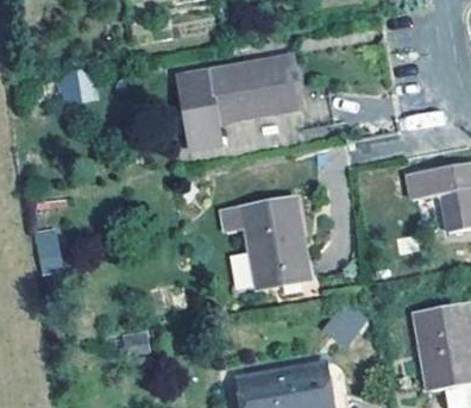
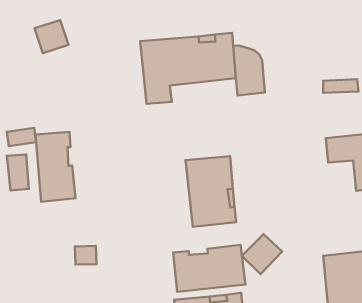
building: none -> [36,132,76,202]
building: none -> [173,245,246,292]

